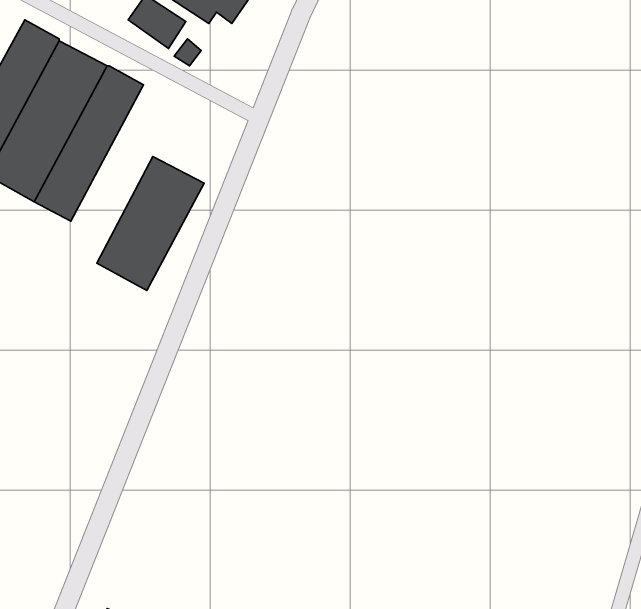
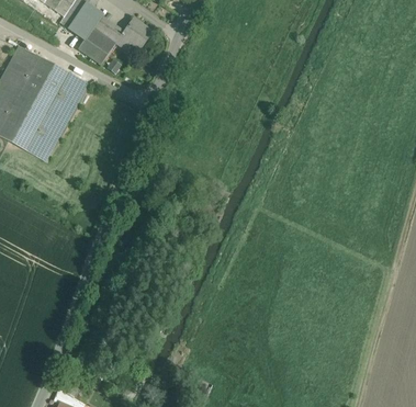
building: [97,156,204,290] -> none

